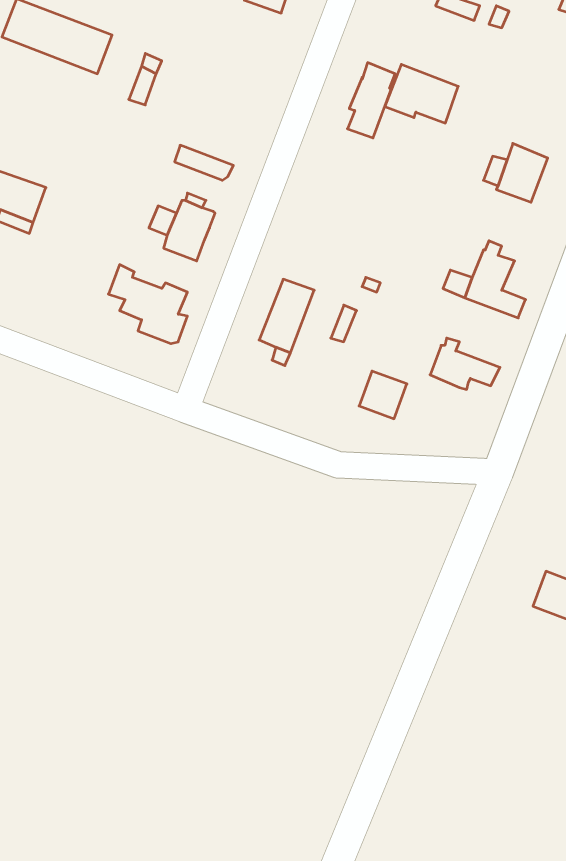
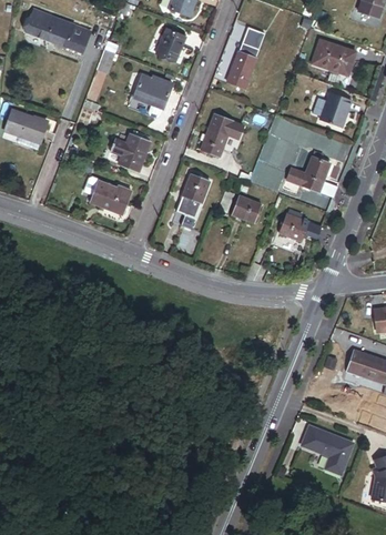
building: none -> [156,26,184,58]
building: [385,64,458,123] -> [312,40,356,75]
building: none -> [133,72,172,107]
building: none -> [200,115,243,159]
building: [359,371,407,419] -> [234,194,263,223]
building: none -> [302,427,353,478]

